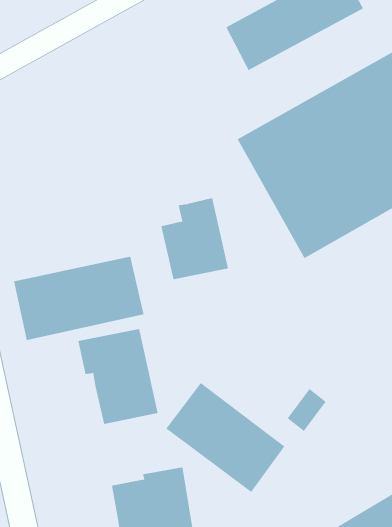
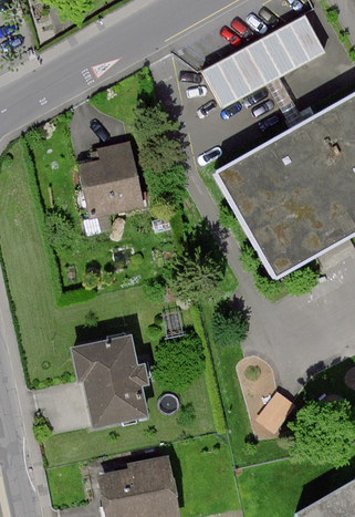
building: [160,198,229,280] -> [84,141,145,214]
building: [13,256,144,341] -> none
building: [166,382,285,493] -> none

